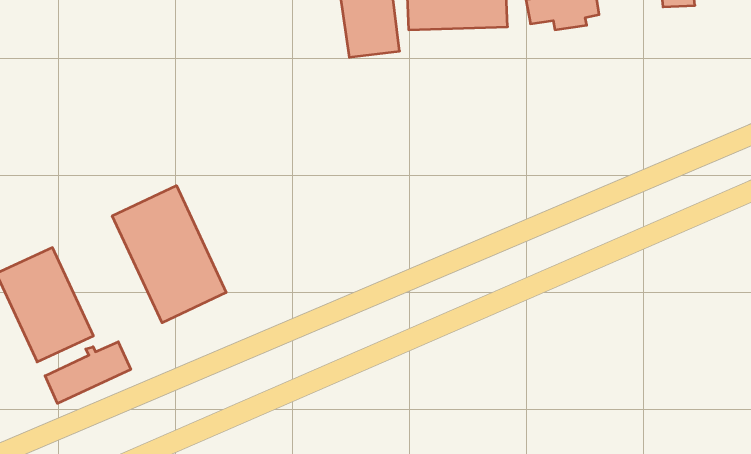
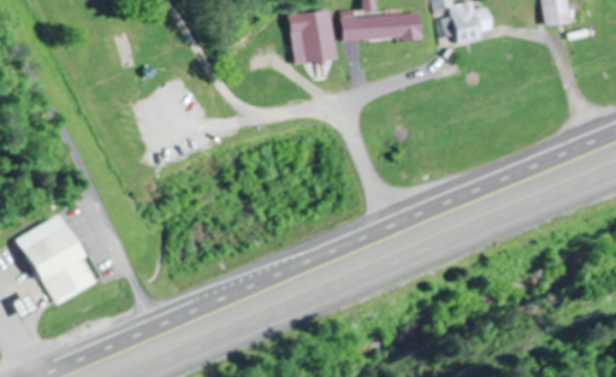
building: [112,186,226,323] -> none
building: [45,342,131,403] -> none

